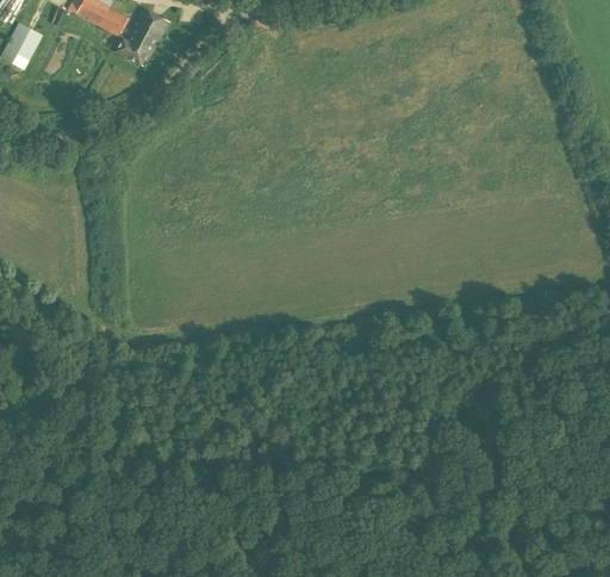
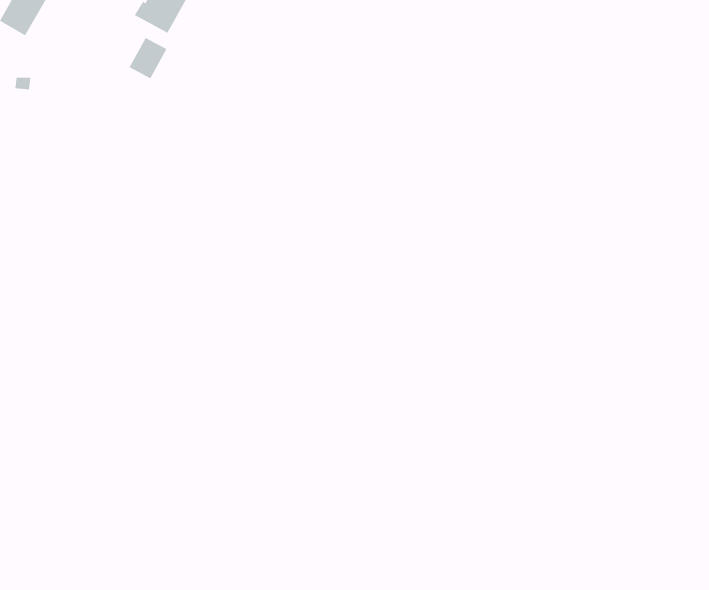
building: none -> [129,37,167,79]

